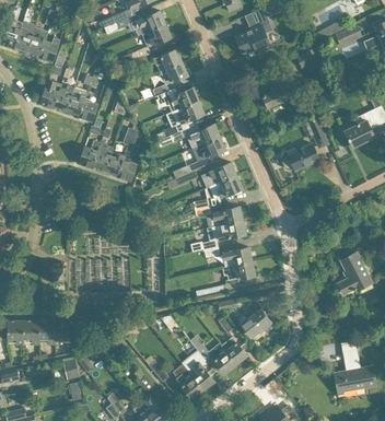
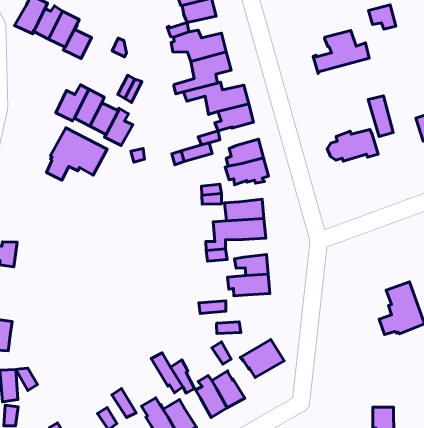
building: none -> [47,128,107,180]

